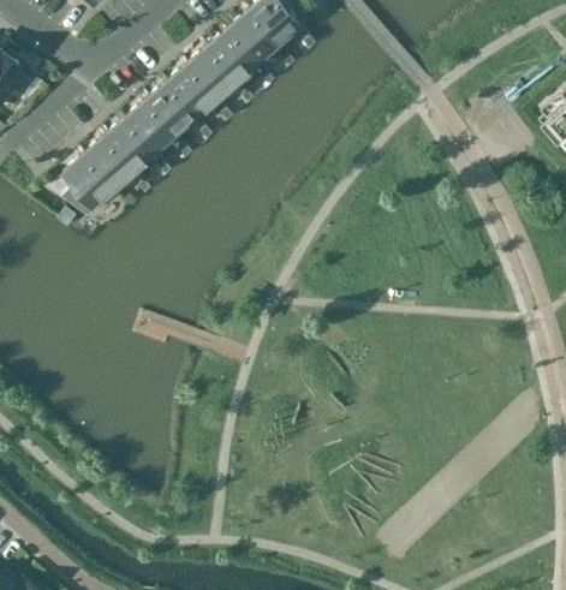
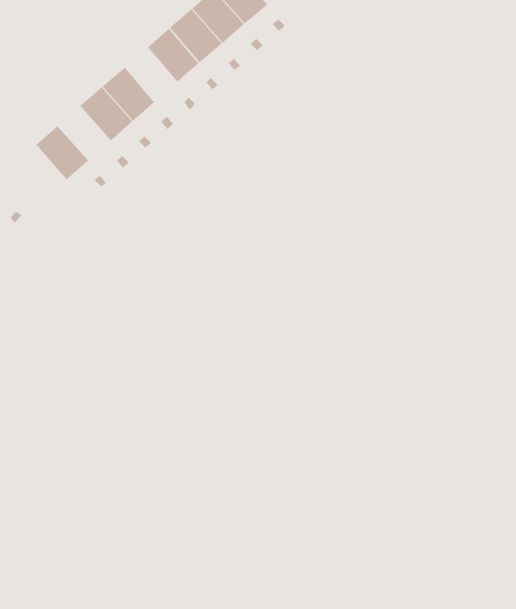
building: [169,64,218,114] -> none
building: [107,118,156,168] -> none
building: [62,154,119,216] -> none

